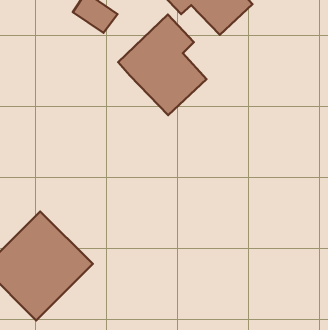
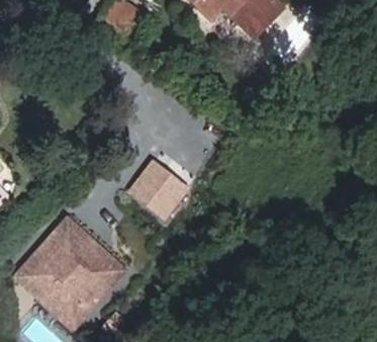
building: [118,14,206,115] -> none
building: none -> [135,163,181,207]

